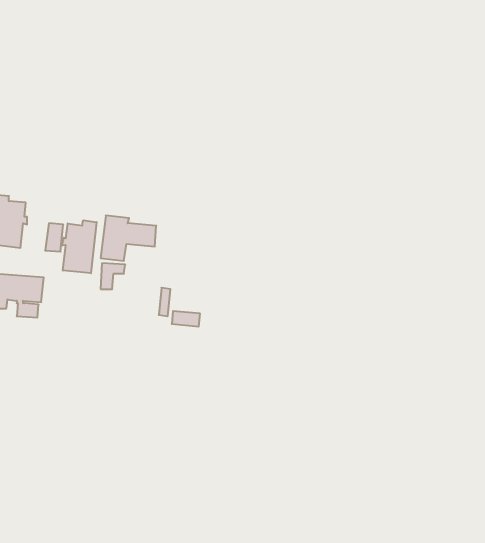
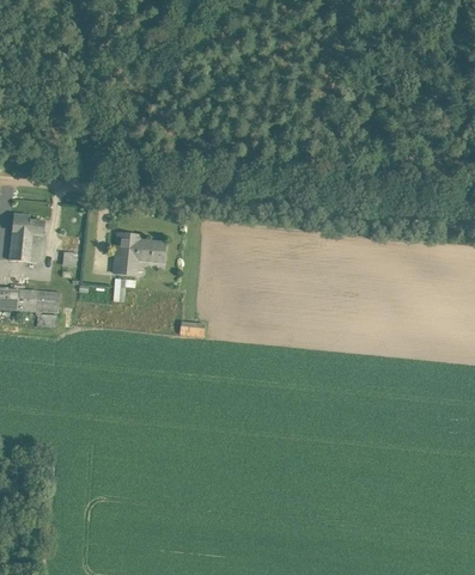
building: [62,220,97,273] -> none

